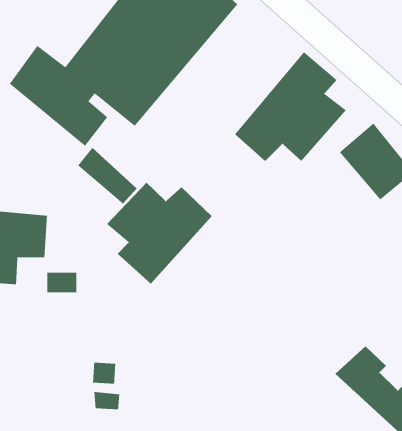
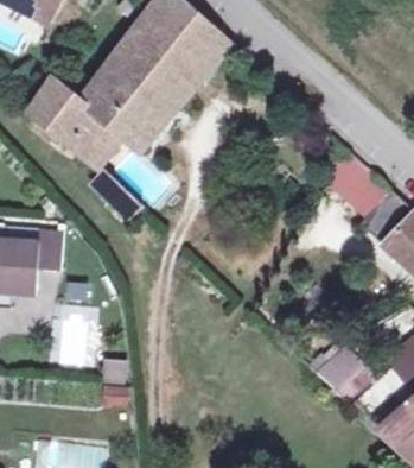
building: [234,51,347,162] -> none
building: [106,182,213,285] -> none

